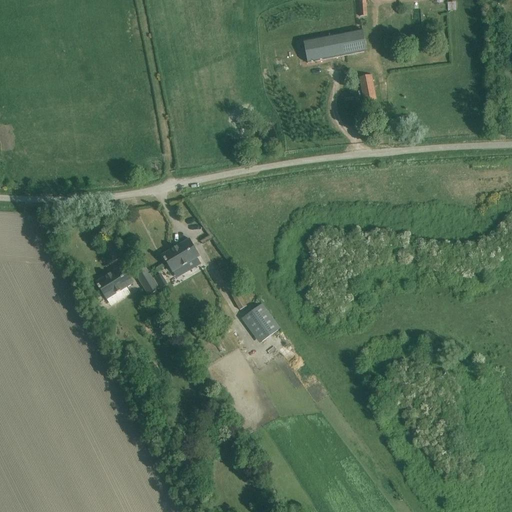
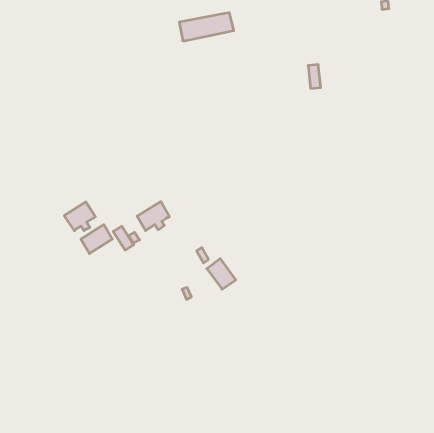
building: [302,29,366,62] -> [179,13,234,41]
building: none -> [64,202,95,231]

